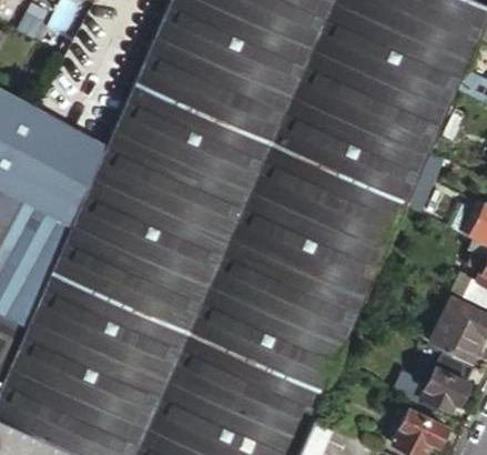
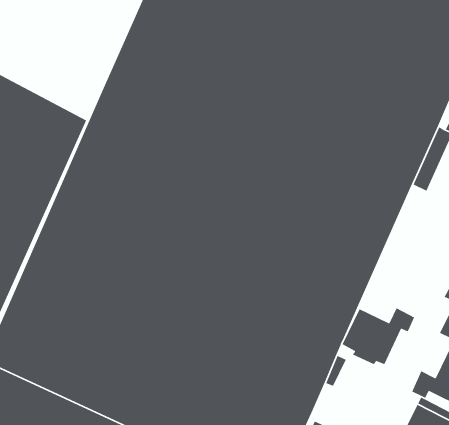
building: none -> [342,307,415,365]

